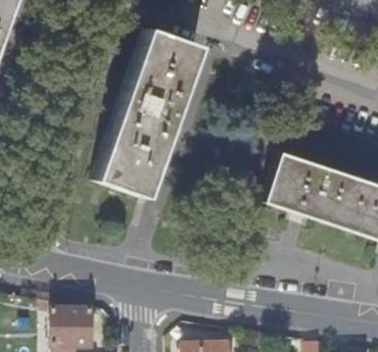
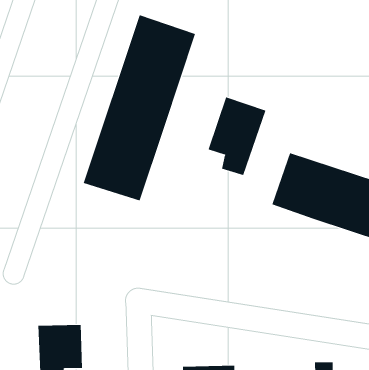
building: none -> [208,96,266,176]

